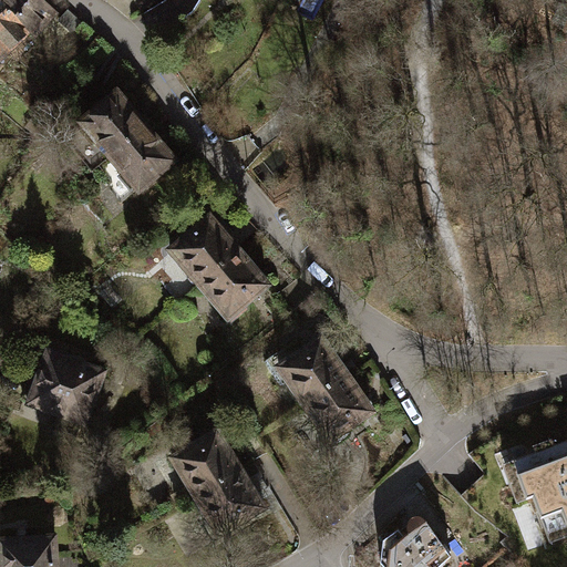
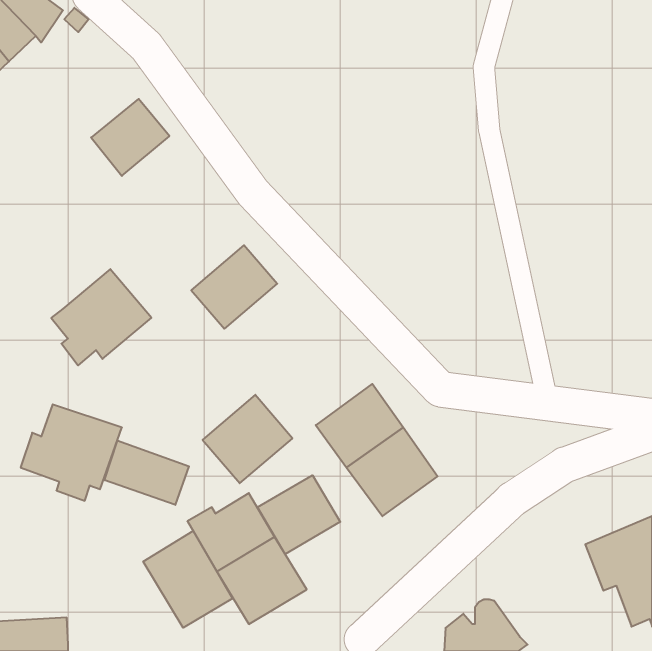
building: [95,117,182,200] -> [51,269,151,365]
building: [194,245,271,321] -> [203,395,292,483]
building: none -> [104,441,189,505]
building: none -> [258,475,340,554]
building: none -> [143,531,232,628]

